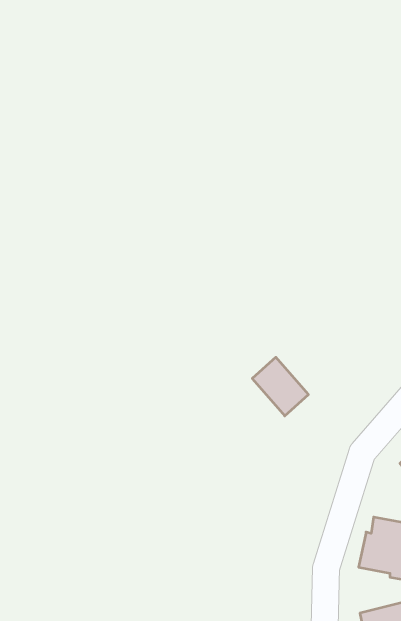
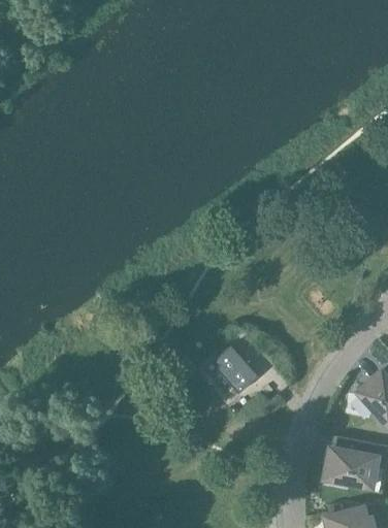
building: [252,357,308,416] -> [211,344,257,393]

